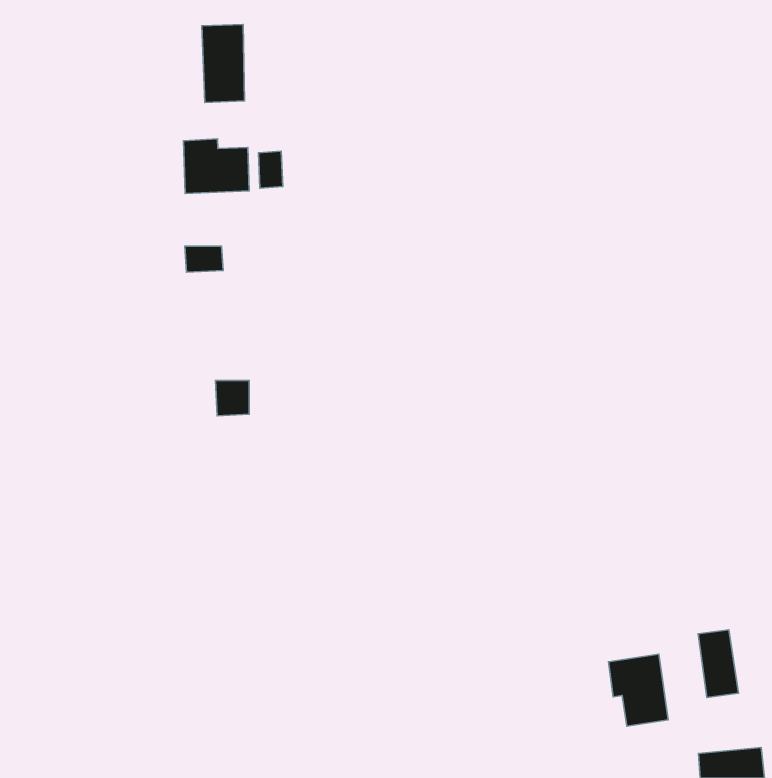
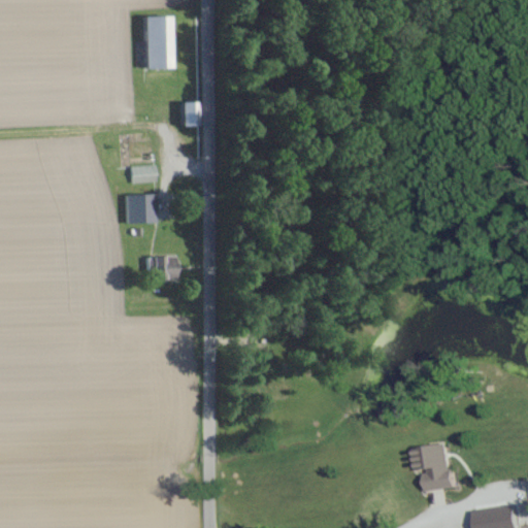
building: [183,139,249,194] -> none
building: none -> [127,195,157,224]
building: [698,630,739,698] -> none

